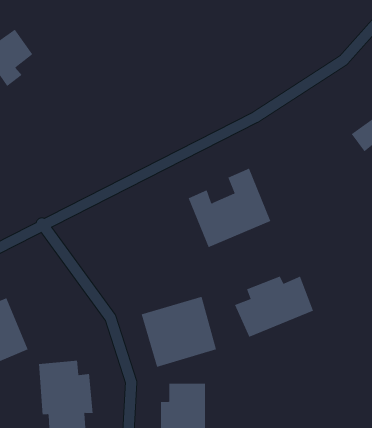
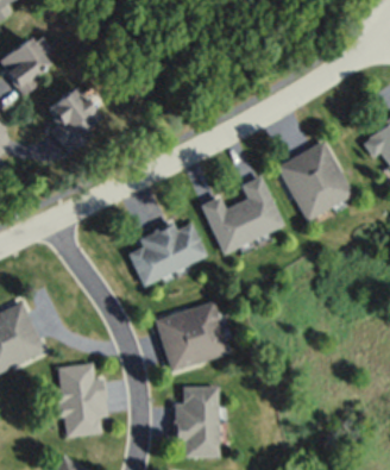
building: none -> [48,86,101,153]
building: none -> [277,140,353,220]
building: [234,276,314,338] -> [127,224,206,284]

